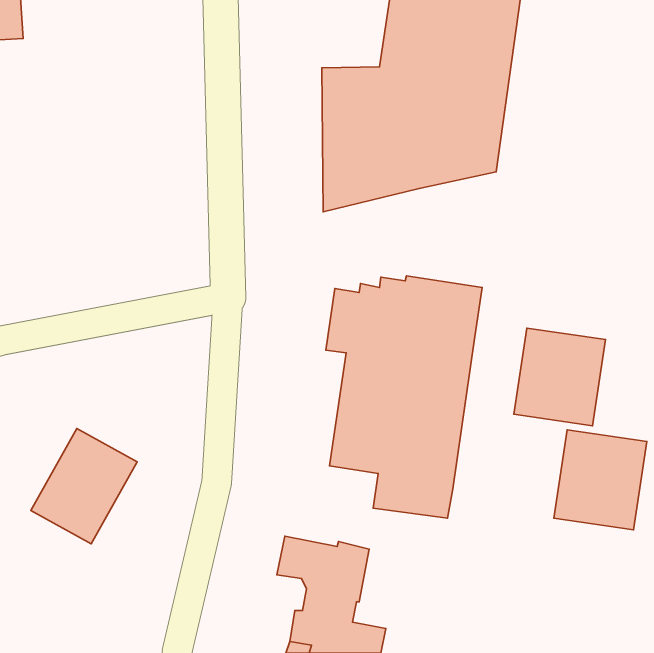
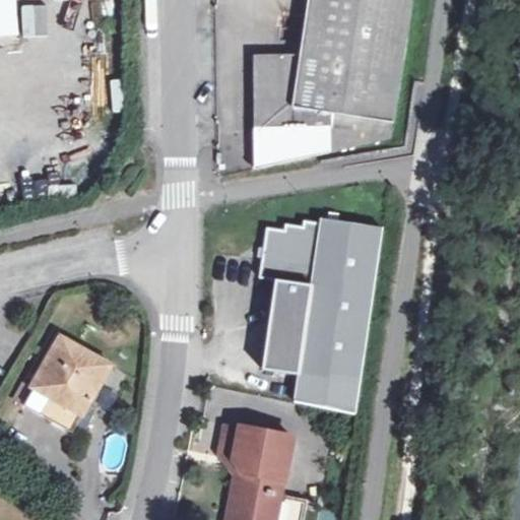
building: [514,328,606,426] -> none
building: [554,430,647,530] -> none

